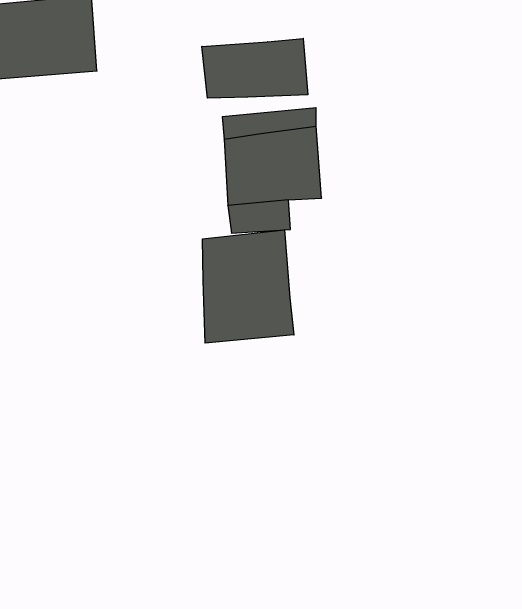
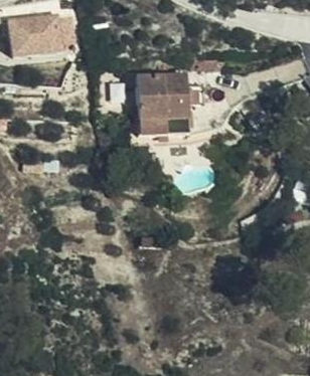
building: [202,38,308,98] -> none
building: [203,230,294,343] -> none

